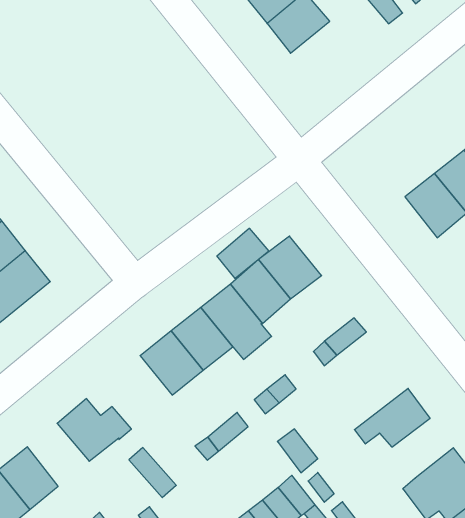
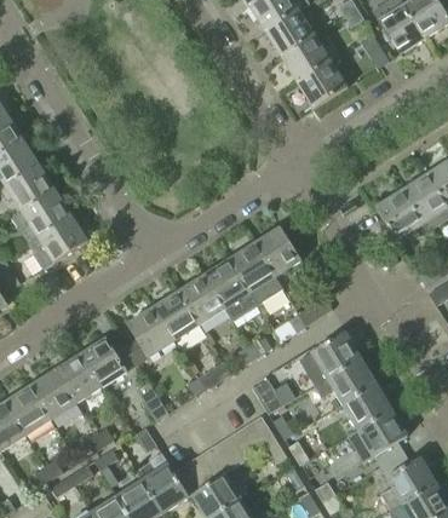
building: none -> [297,61,346,108]
building: [217,228,269,278] -> none
building: none -> [125,307,173,364]
building: none -> [298,332,360,385]
building: none -> [341,382,390,428]
building: none -> [54,353,102,403]

